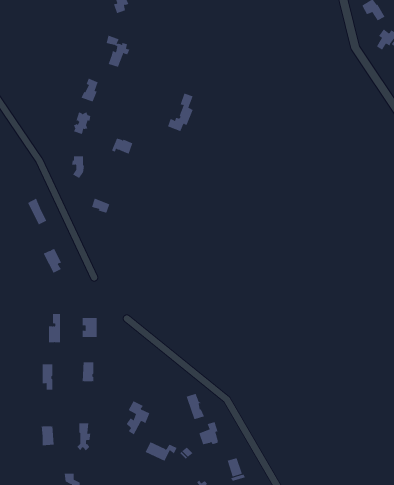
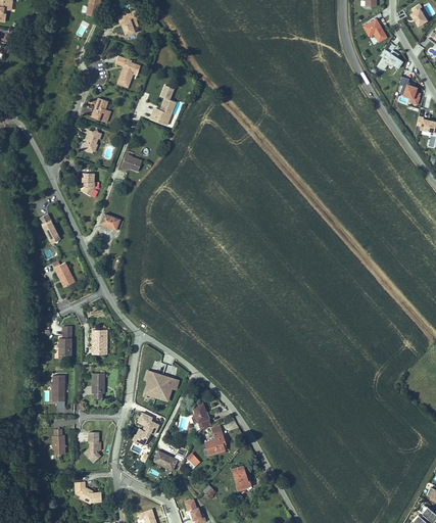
building: [167,93,193,132] -> [150,86,176,124]
building: none -> [144,369,178,398]

